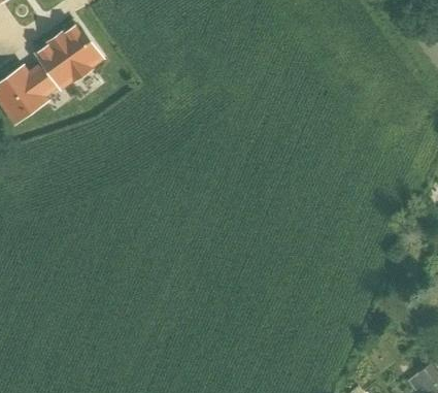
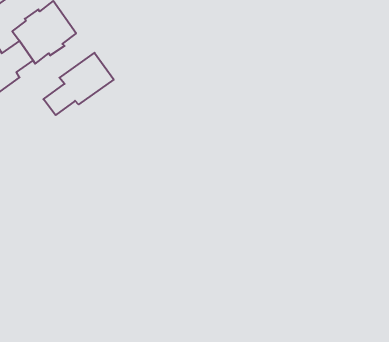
building: none -> [43,53,114,115]

